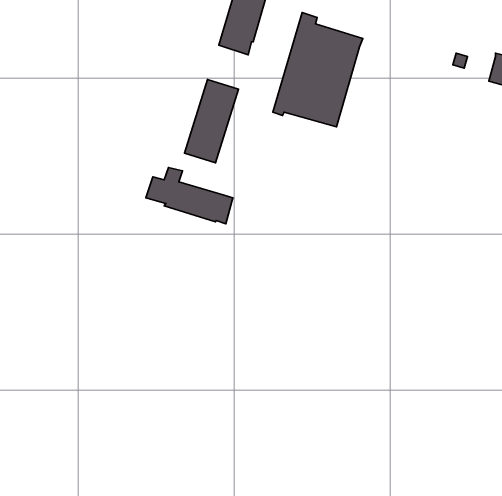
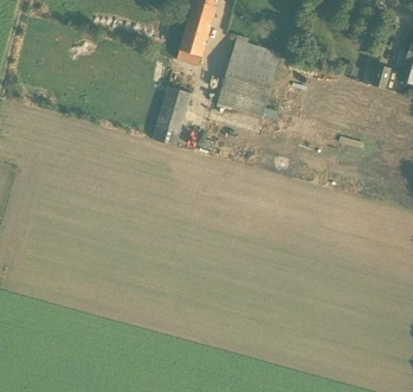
building: [146,168,233,224] -> none

